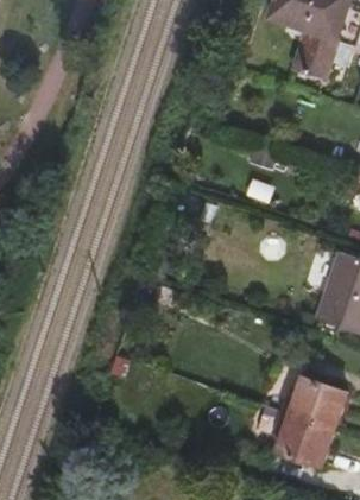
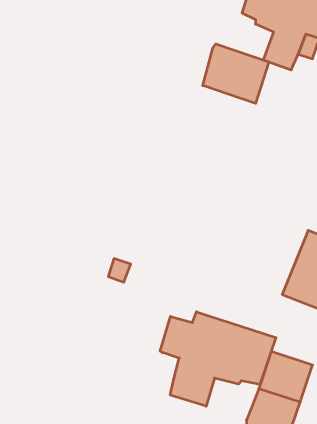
building: none -> [203,44,269,103]
building: none -> [160,312,276,406]

